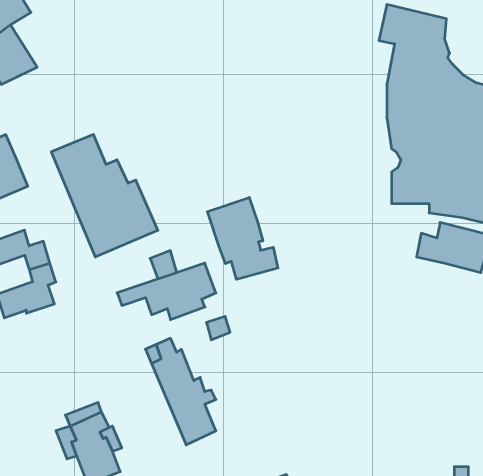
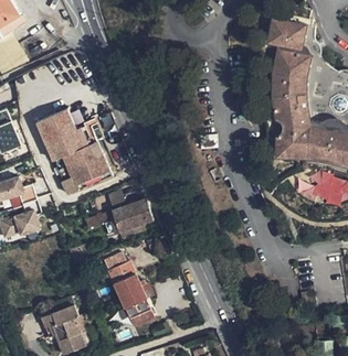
building: [207,197,278,279] -> none

